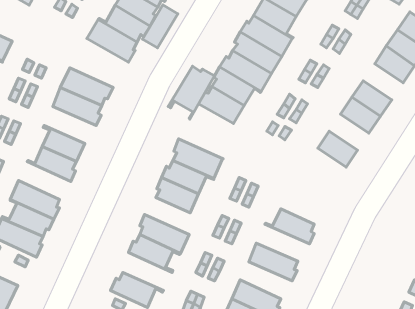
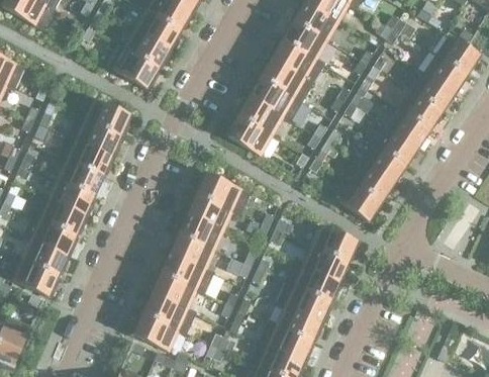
building: [143,5,178,48] -> none
building: none -> [400,91,443,129]
building: [168,66,214,119] -> none
building: none -> [60,136,115,176]
building: none -> [364,145,406,183]
building: none -> [338,181,382,220]
building: none -> [32,195,88,235]
building: none -> [312,224,361,262]
building: none -> [167,233,215,273]
building: none -> [286,262,343,301]
building: none -> [143,292,196,333]
building: none -> [269,302,324,342]

